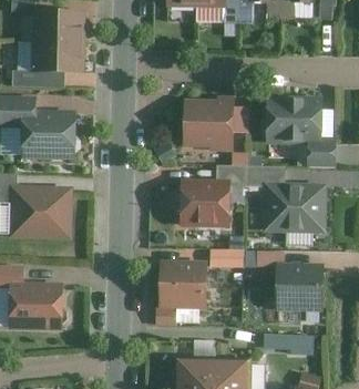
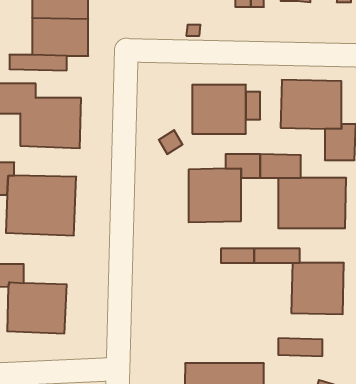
building: [158,258,207,310] -> none

